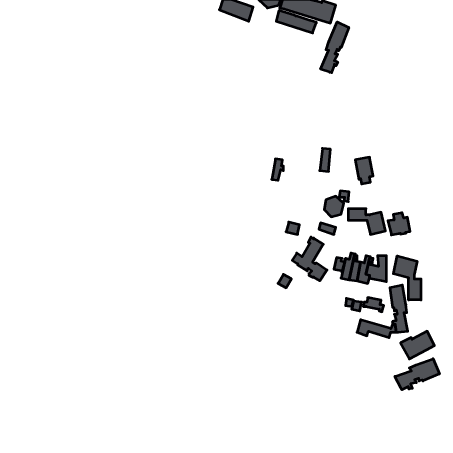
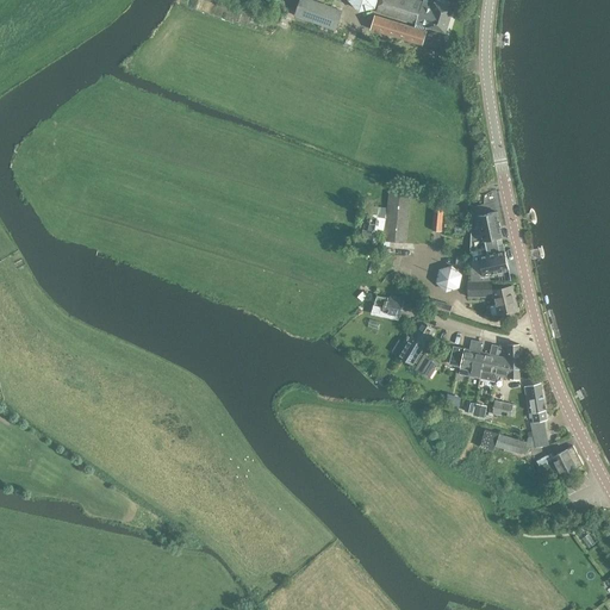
building: [321,22,349,73] -> none
building: none -> [382,192,409,242]
building: [388,213,410,235] -> [478,244,508,274]
building: [393,256,421,300] -> none
building: [395,359,439,390] -> none

